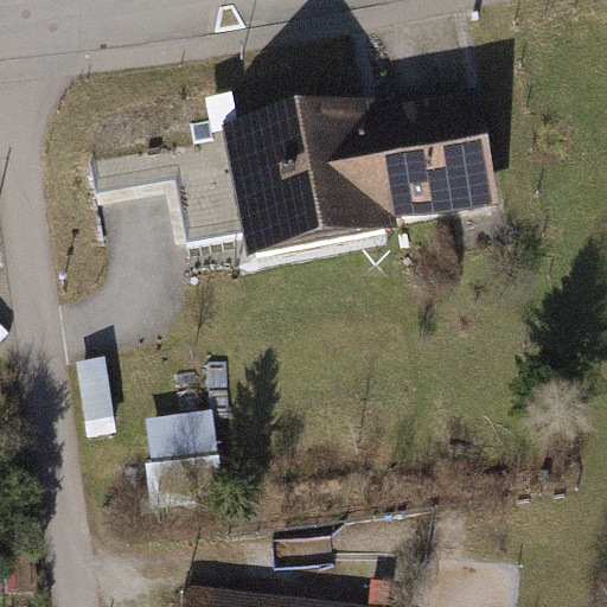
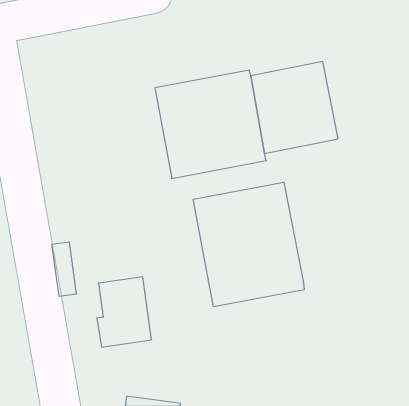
building: none -> [193,182,304,307]

